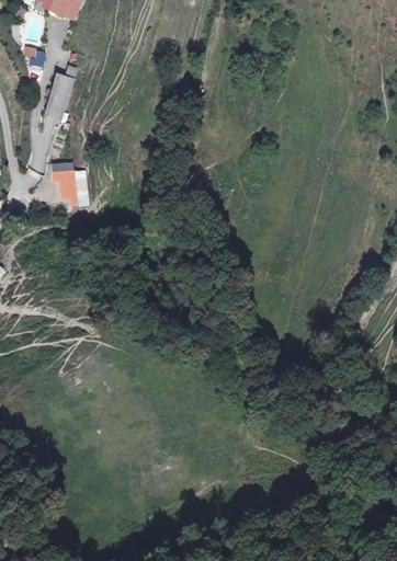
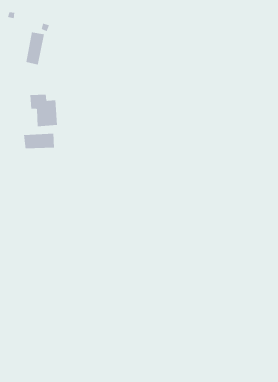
building: none -> [24,133,55,149]

